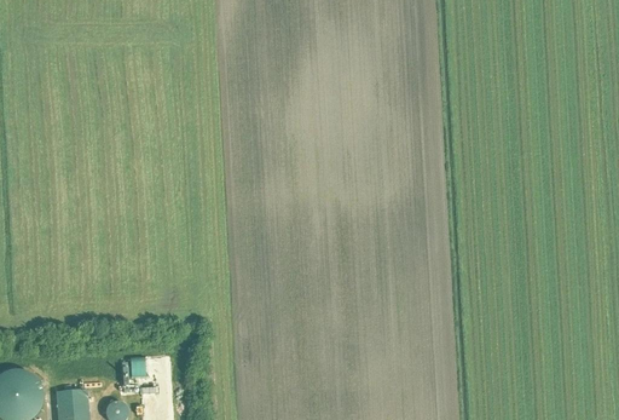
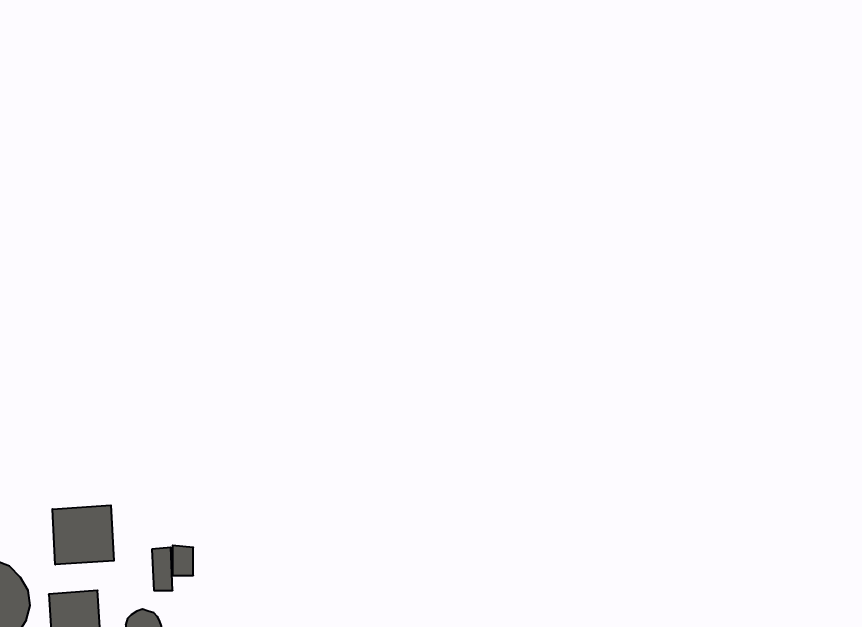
building: none -> [52,505,114,565]

